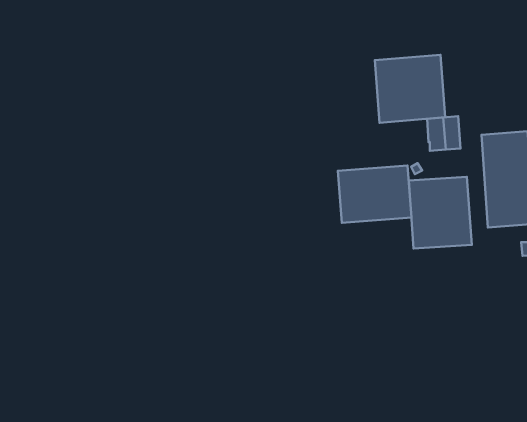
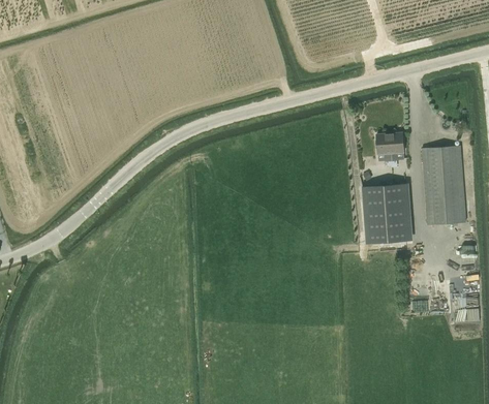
building: [375,55,445,123] -> none
building: [338,165,411,223] -> none

